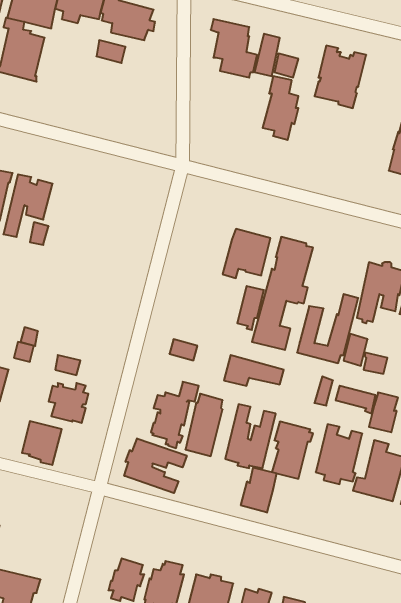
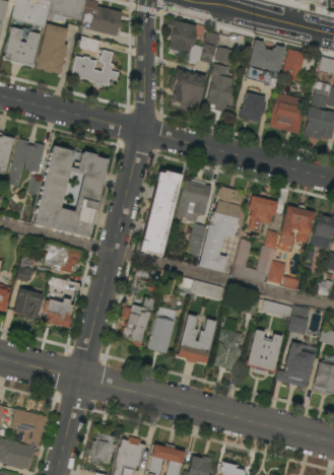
building: none -> [36,24,68,74]
building: none -> [281,49,305,81]
building: none -> [71,50,119,88]
building: none -> [171,69,207,111]
building: none -> [239,93,266,124]
building: none -> [269,93,304,135]
building: none -> [34,146,108,240]
building: none -> [139,171,183,257]
building: none -> [248,196,280,233]
building: none -> [41,244,83,274]
building: [22,421,62,465] -> [13,288,44,322]
building: [124,438,187,493] -> none
building: [241,468,276,513] -> none
building: none -> [11,410,46,447]

